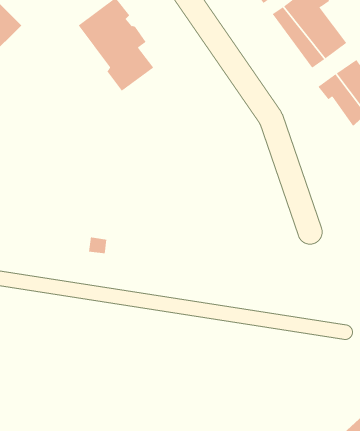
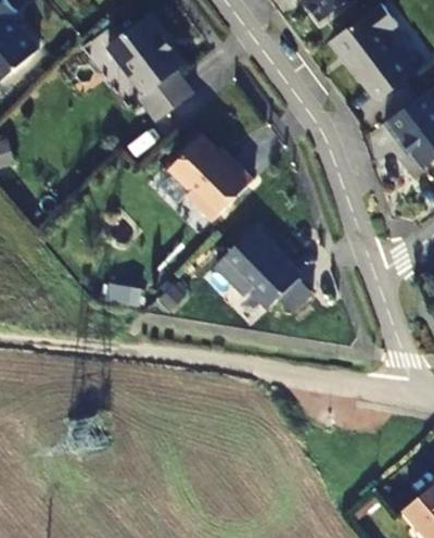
building: none -> [168,137,252,222]
building: none -> [214,229,301,315]

